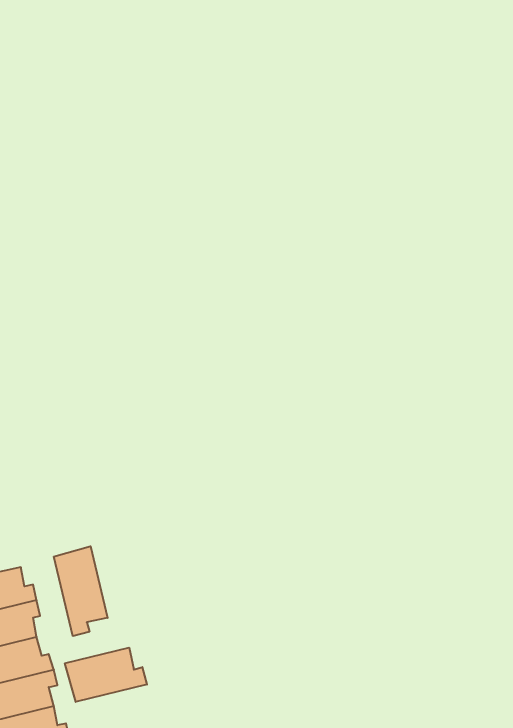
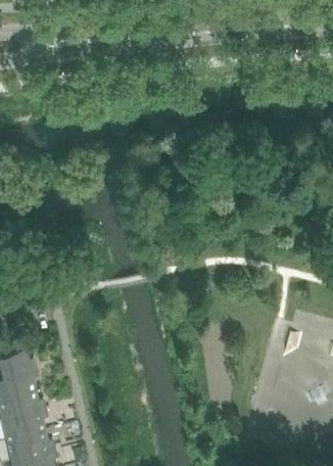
building: [54,546,108,636] -> none
building: [65,648,147,702] -> none

